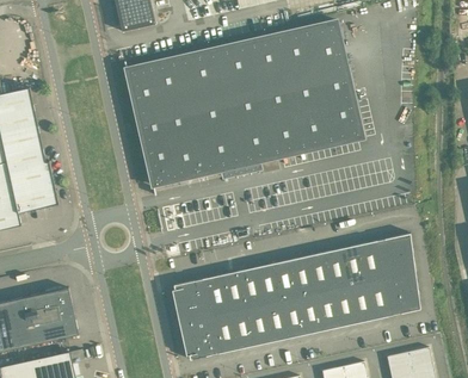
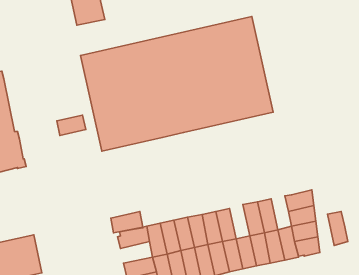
building: none -> [57,115,86,135]
building: [359,241,384,283] -> [327,211,348,245]
building: [308,252,333,293] -> none
building: [174,297,214,323] -> [111,211,143,233]

